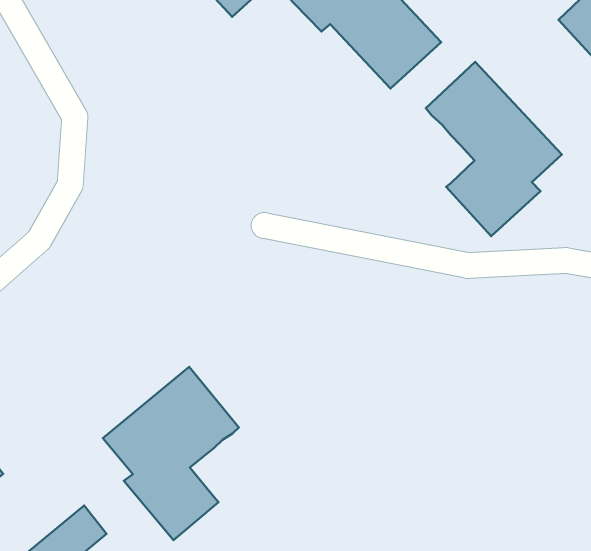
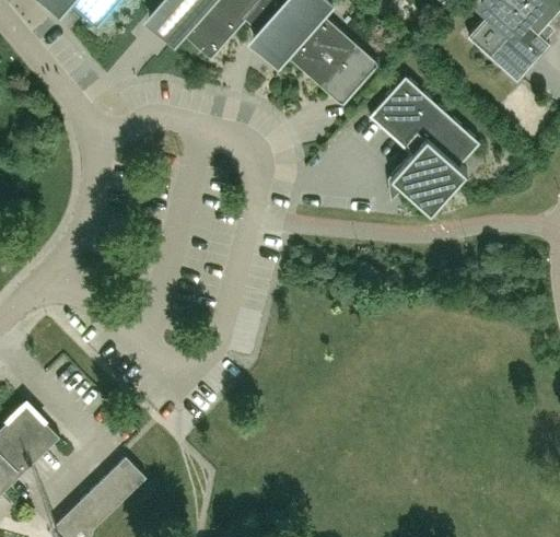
building: [103,367,239,540] -> none

